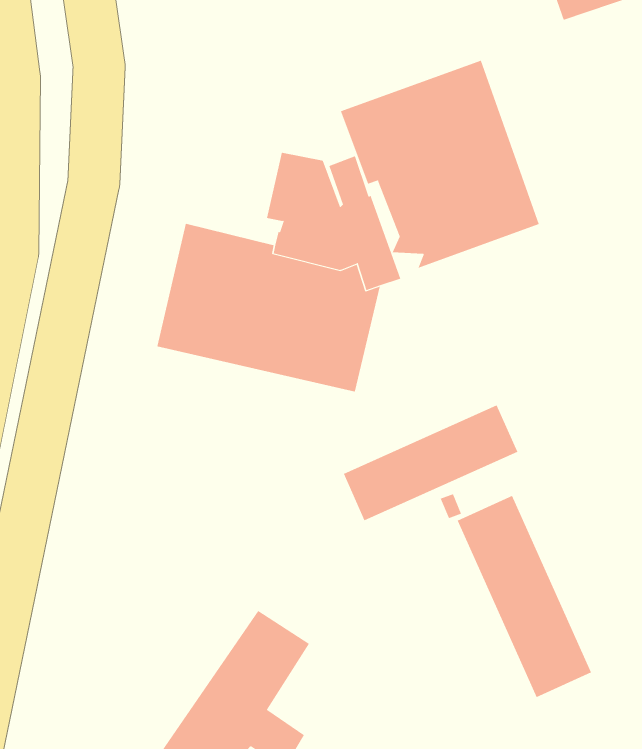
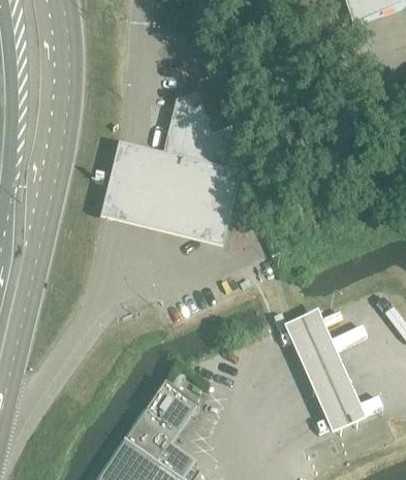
building: [340,60,539,269] -> none
building: [343,404,518,521] -> none

